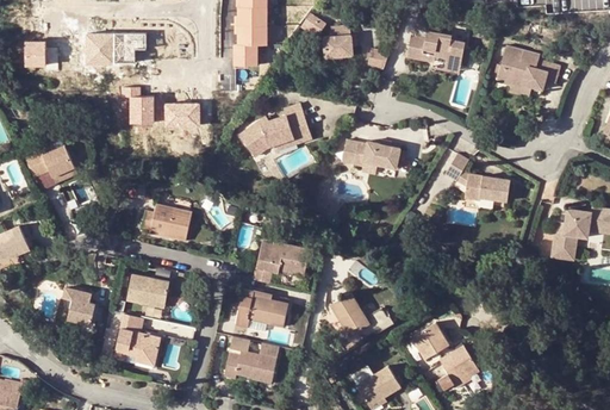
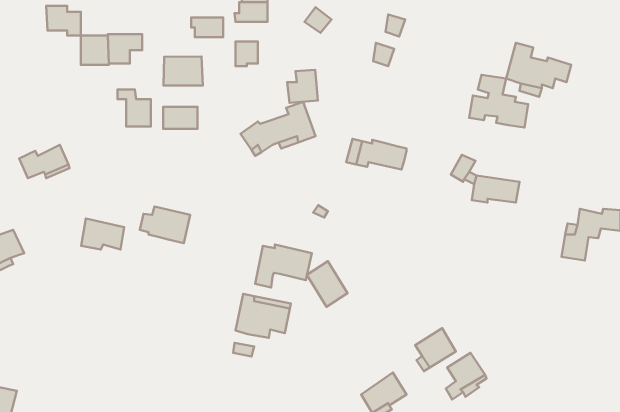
building: [407,14,465,66] -> [469,75,528,128]
building: [324,24,354,56] -> [287,70,318,103]
building: [235,25,266,44] -> [191,18,223,37]
building: [23,45,56,74] -> [46,6,81,35]
building: none -> [163,57,203,85]
building: [126,274,168,304] -> [81,219,124,249]
building: [63,288,94,324] -> none
building: [330,292,369,336] -> [307,261,347,307]
building: [114,313,160,364] -> none
building: [224,342,279,383] -> none

